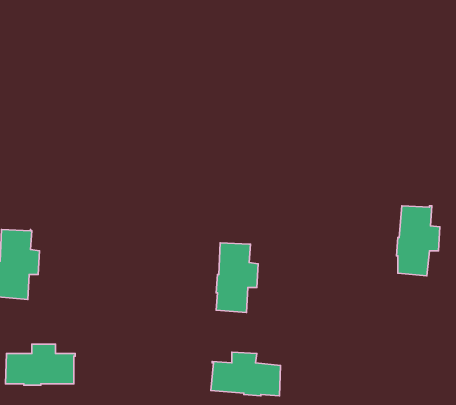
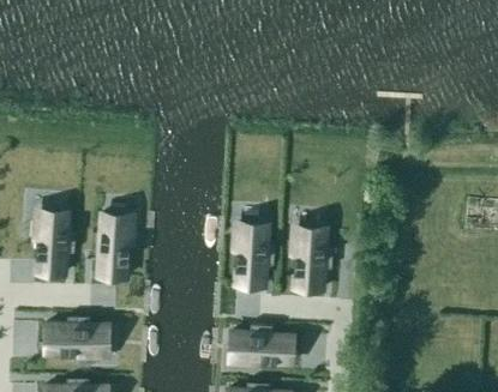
building: [396,206,440,276] -> [295,227,335,290]
building: none -> [92,213,131,278]

